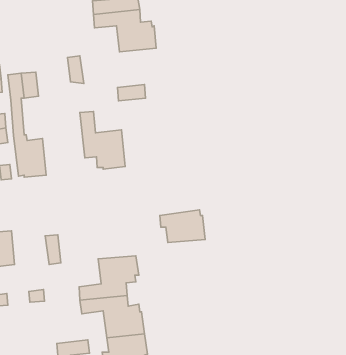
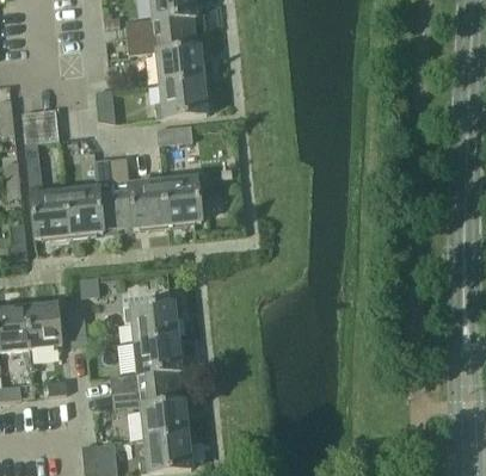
building: none -> [154,79,207,118]
building: none -> [63,159,116,236]
building: none -> [161,169,199,225]
building: [160,210,205,242] -> [123,299,179,340]
building: none -> [25,302,61,347]

